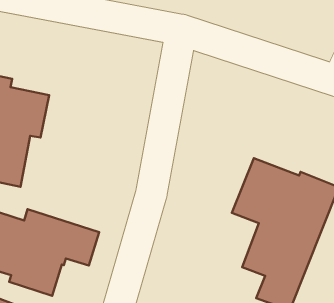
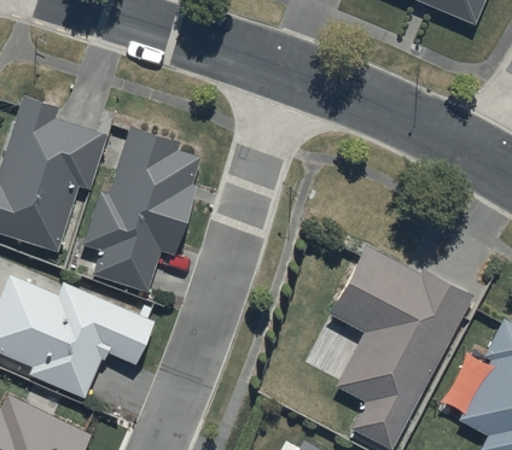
building: none -> [83,130,202,292]

